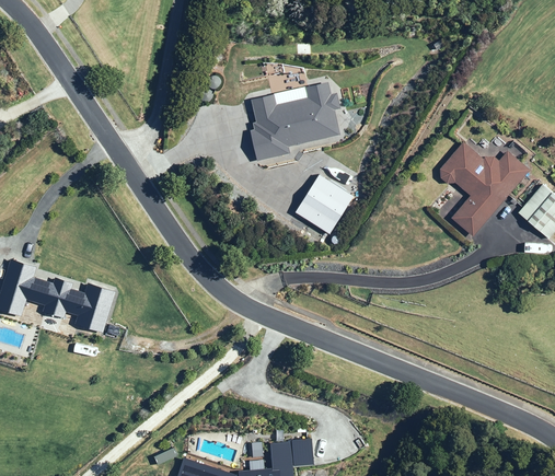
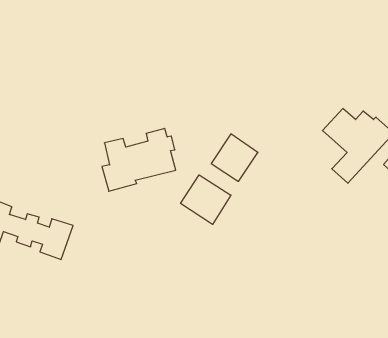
building: [247,80,343,161] -> [102,128,176,191]
building: none -> [181,175,231,224]

